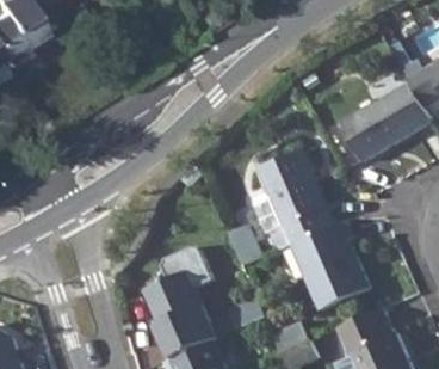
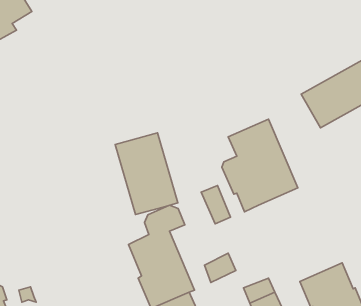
building: none -> [115,133,178,214]
building: [290,222,369,312] -> none

